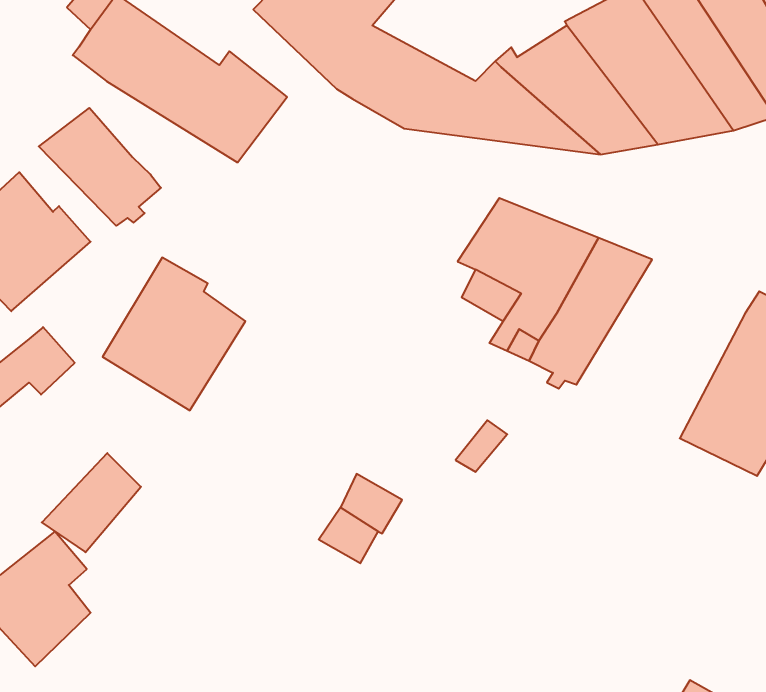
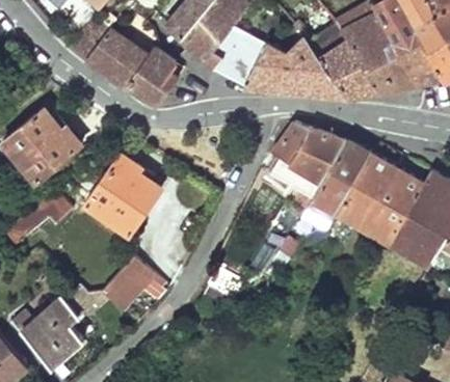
building: [39,108,161,226] -> none
building: none -> [336,154,424,247]
building: [42,453,141,552] -> [101,256,153,308]

